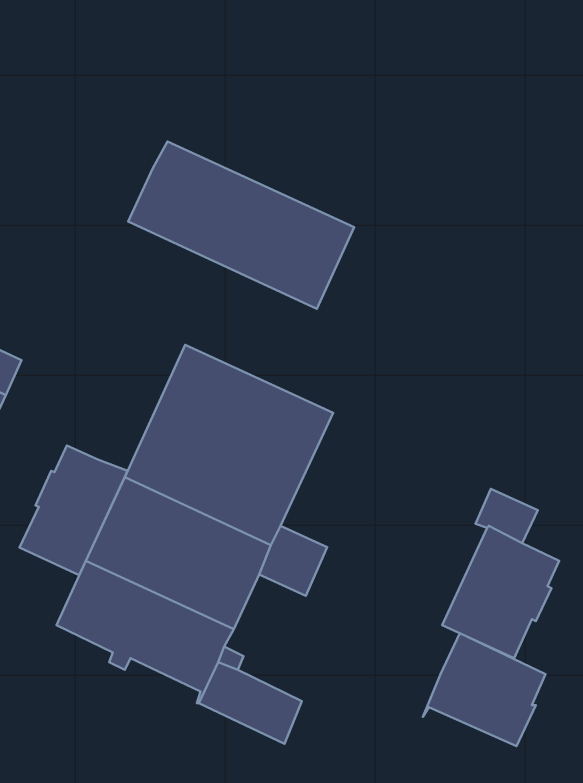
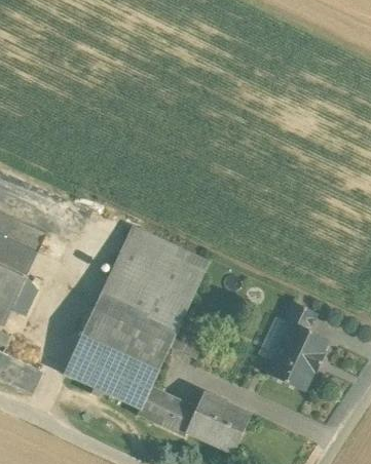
building: [128,141,354,309] -> none
building: [20,446,127,575] -> none
building: [423,633,546,746] -> [183,391,248,451]

